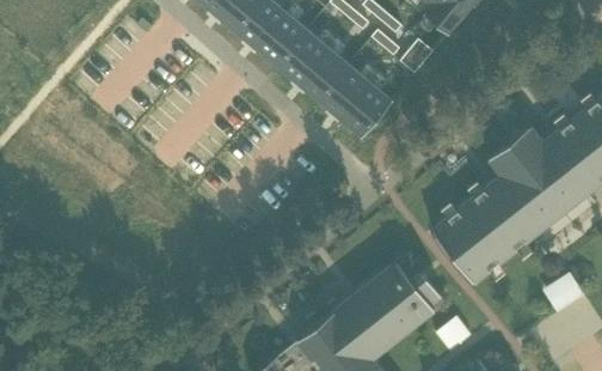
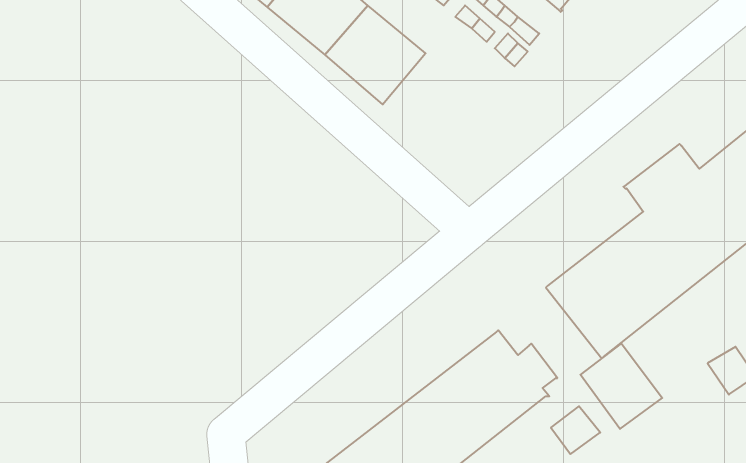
building: [314,61,388,134] -> none
building: none -> [580,344,662,429]

